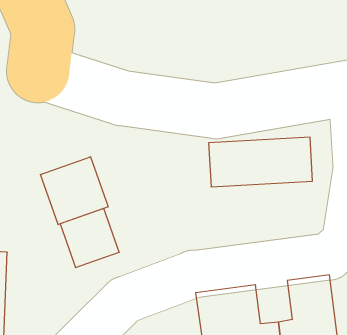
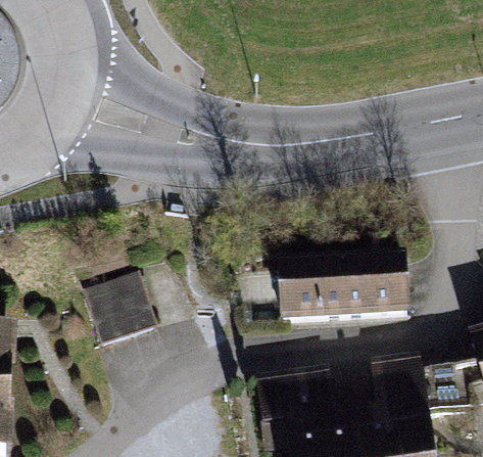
building: [209,137,312,187] -> [279,260,409,322]
building: [40,157,108,225] -> none

